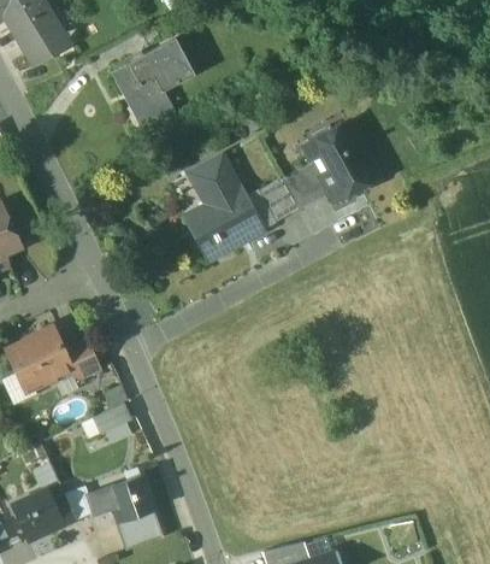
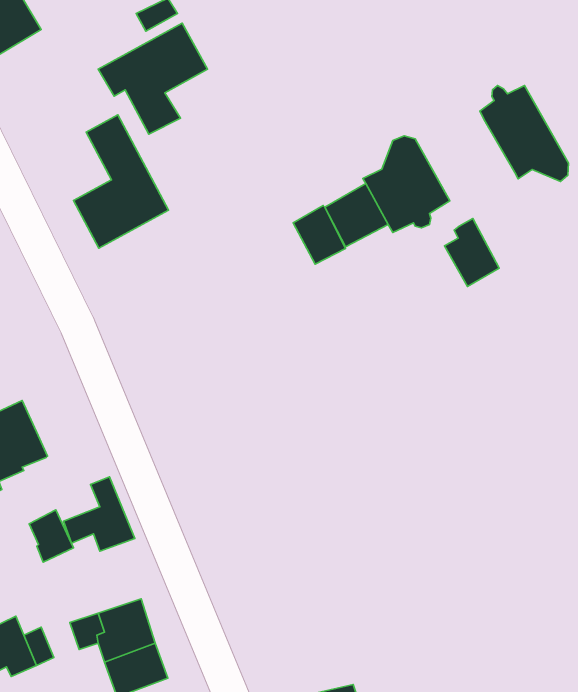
building: none -> [480,85,568,181]
building: [188,157,260,258] -> [74,115,169,248]
building: none -> [444,218,499,287]
building: [64,341,98,381] -> [29,510,73,562]

